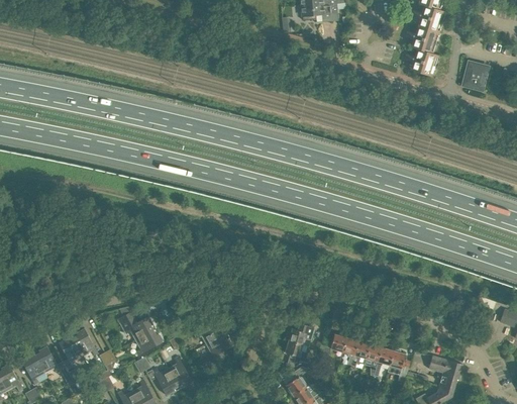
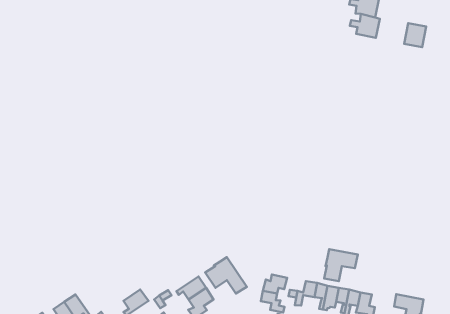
building: none -> [324,249,358,281]
building: none -> [205,257,247,293]
building: [116,312,154,339] -> none

